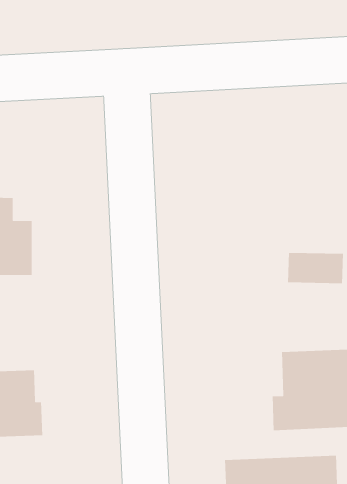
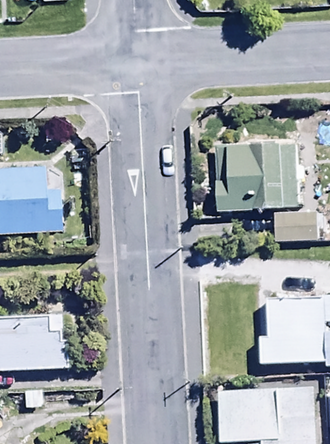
building: none -> [217,144,298,212]

